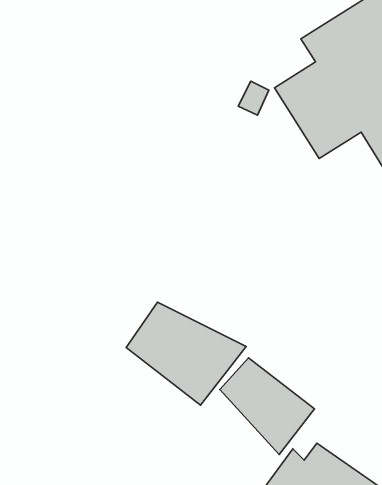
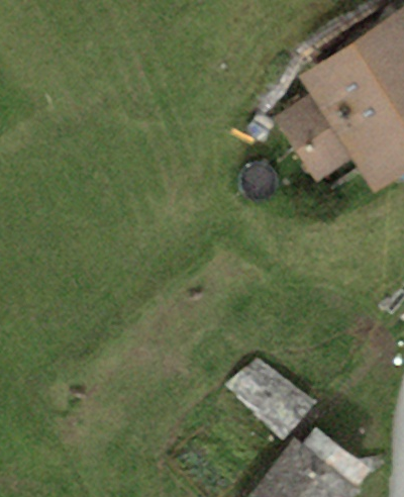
building: [126,302,246,405] -> none

